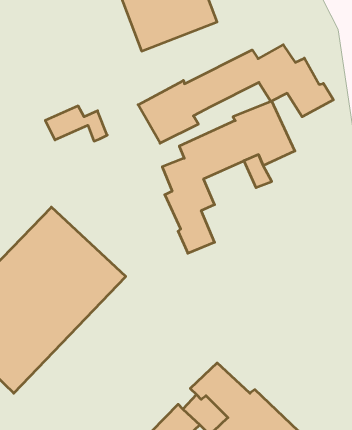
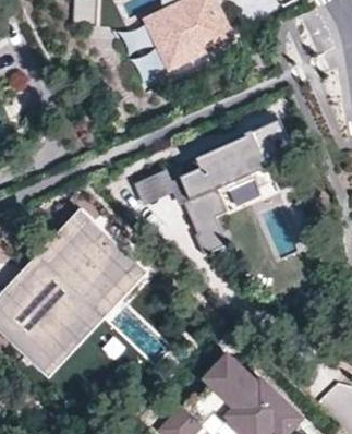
building: [138,45,333,143] -> none
building: [45,106,107,141] -> [133,172,189,204]

